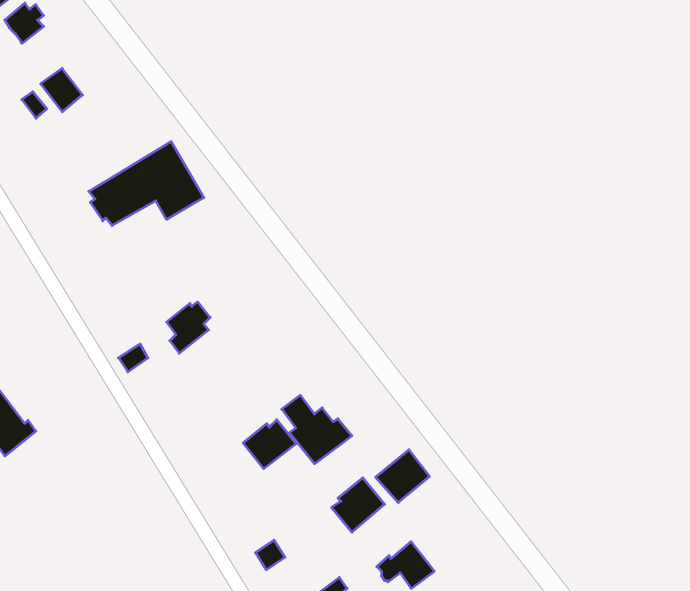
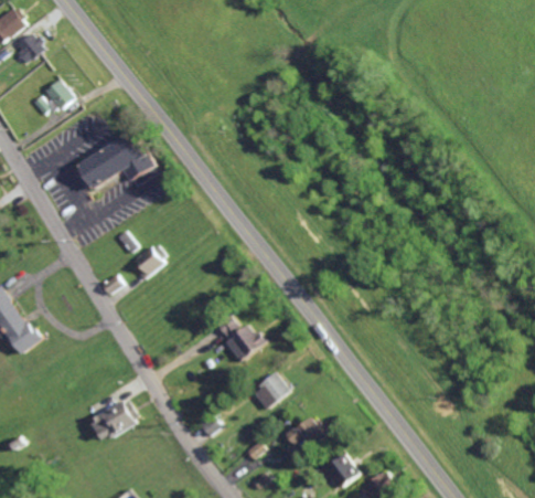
building: [243,420,296,469] -> none
building: [376,450,429,503] -> none
building: none -> [95,399,137,438]

